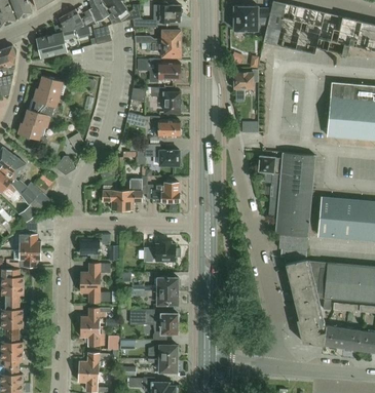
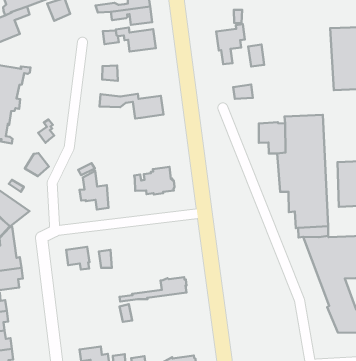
building: [150,87,180,112] -> none
building: [145,144,179,165] -> none
building: [121,175,147,209] -> none
building: [144,241,180,261] -> none
building: [80,263,110,301] -> none
building: [136,290,179,305] -> none
building: [80,307,109,326] -> none
building: [129,309,178,340] -> none

